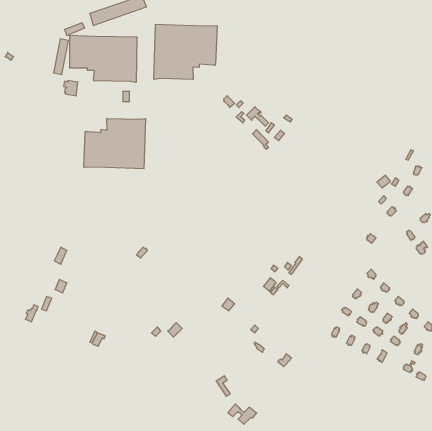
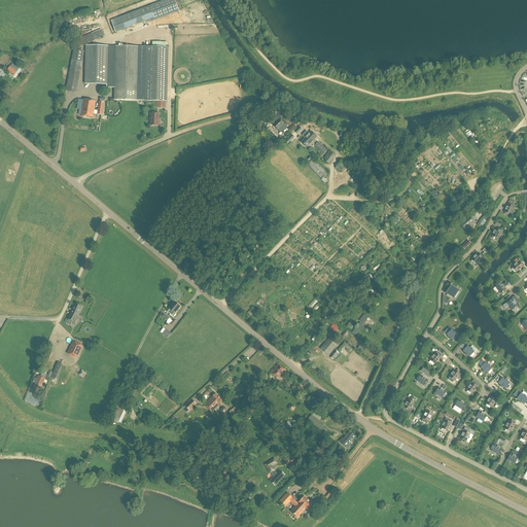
building: [154,24,217,80] -> none
building: [84,118,145,169] -> none

